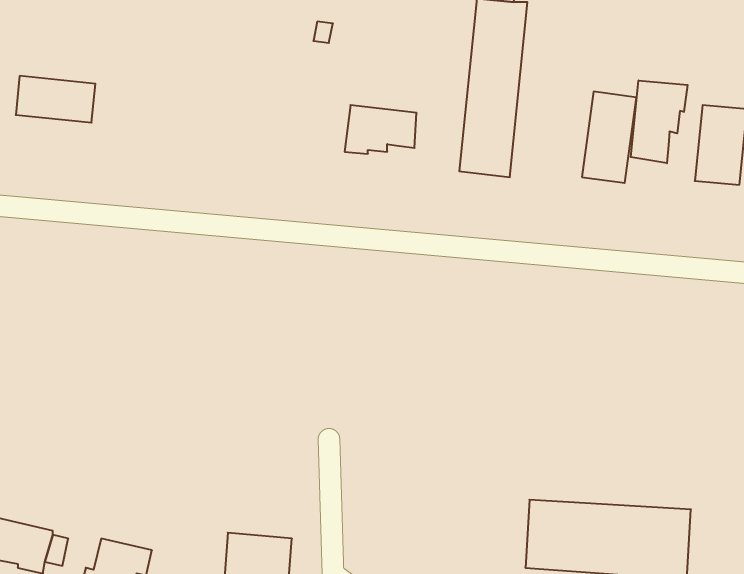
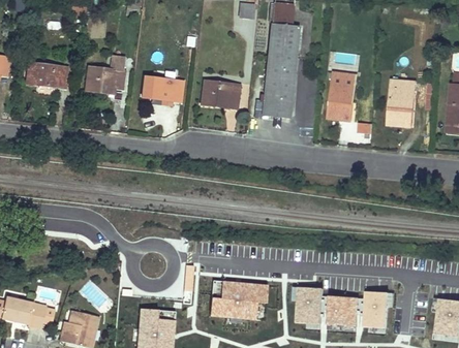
building: none -> [86,54,125,92]
building: [631,80,688,163] -> none
building: none -> [143,76,184,101]
building: none -> [211,281,267,320]

